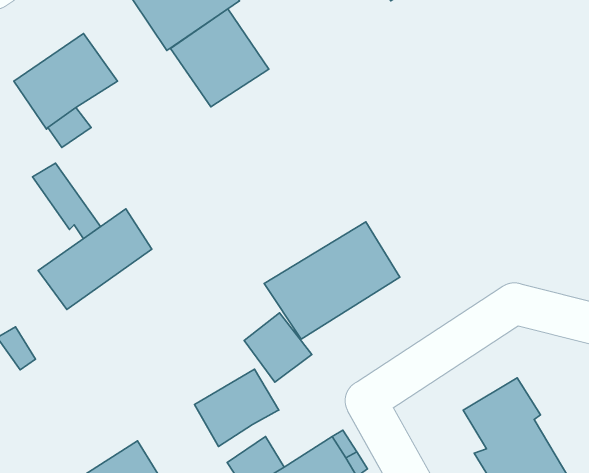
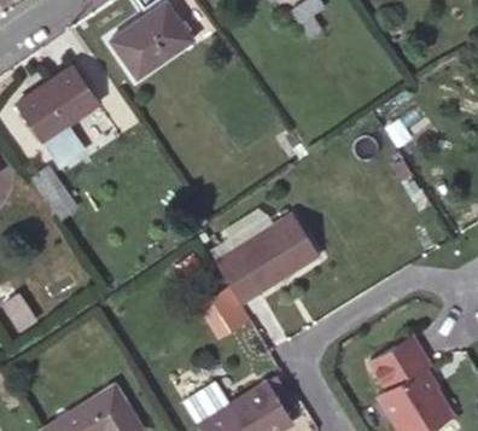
building: [170,9,269,107] -> none
building: [38,209,152,310] -> none
building: [195,369,279,446] -> none

